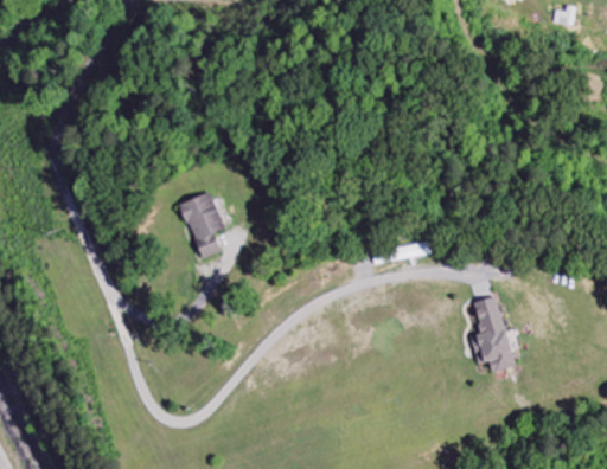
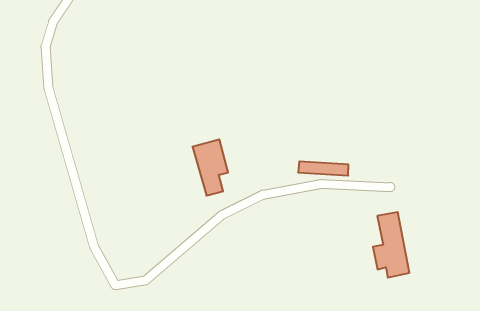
building: [179,189,224,257] -> [192,139,228,196]

